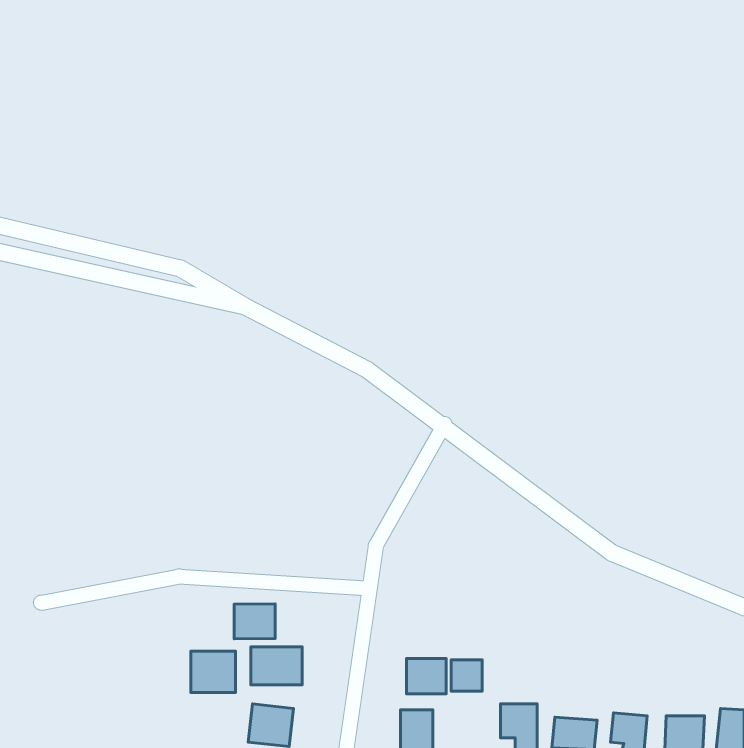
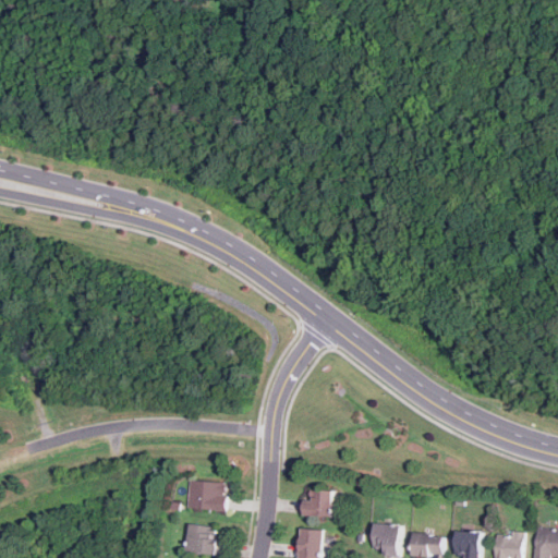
building: [234,604,275,639] -> none
building: [191,651,235,692] -> none
building: [451,660,482,691] -> none

